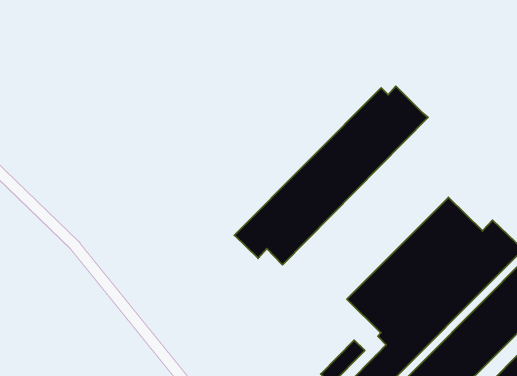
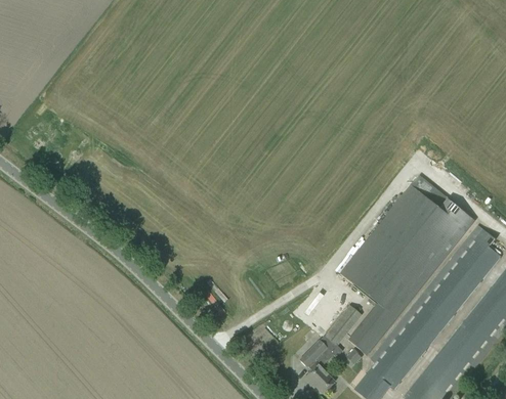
building: [234,86,428,265] -> none

